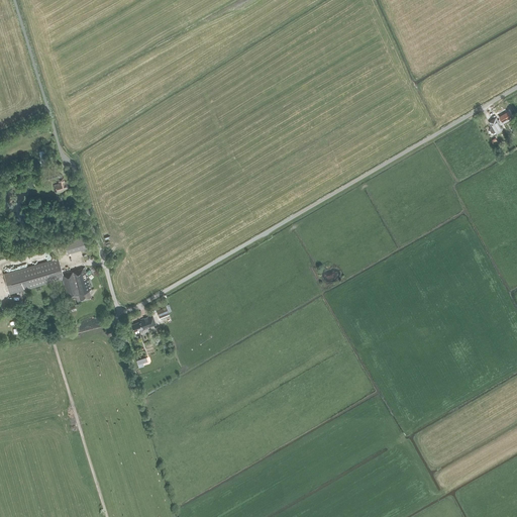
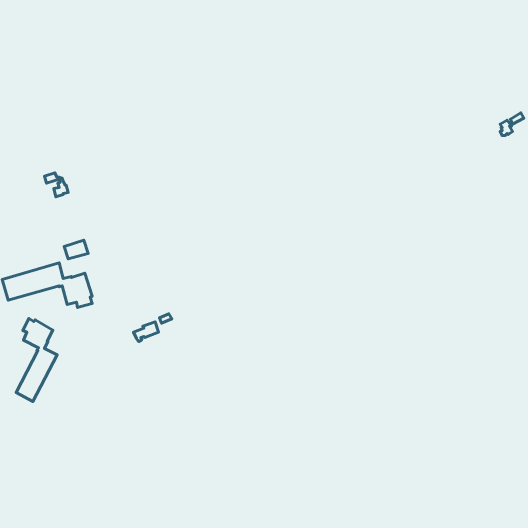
building: none -> [16,318,57,402]

